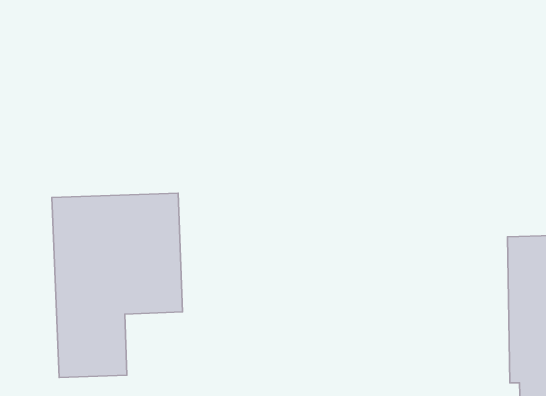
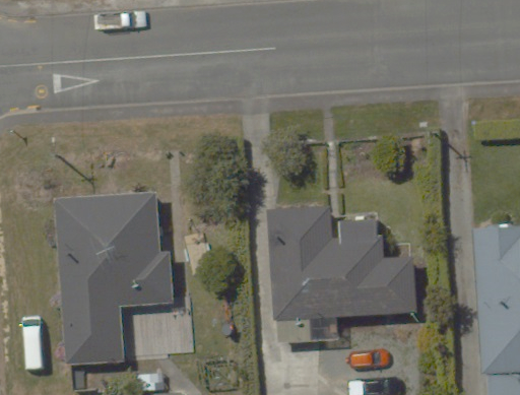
building: none -> [276,206,418,345]

